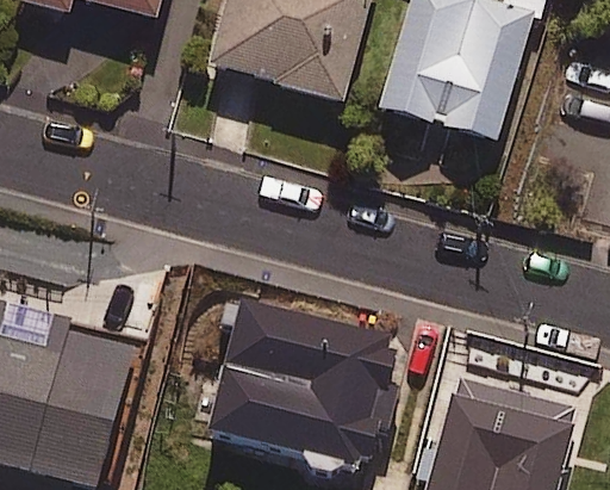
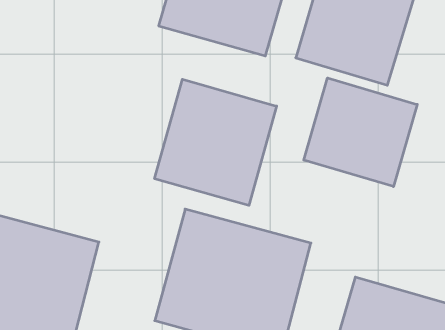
building: none -> [304,78,417,187]
building: none -> [155,79,277,205]

